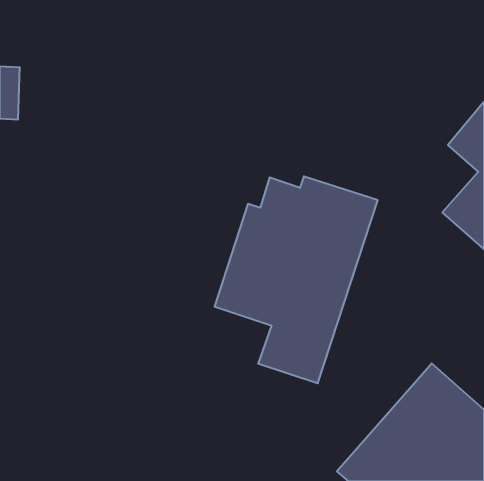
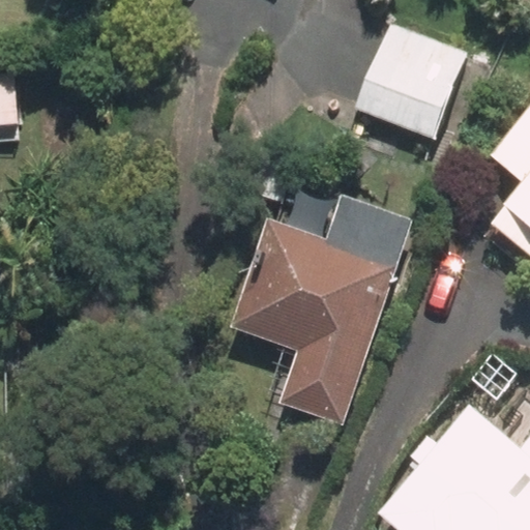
building: none -> [354,23,469,146]

